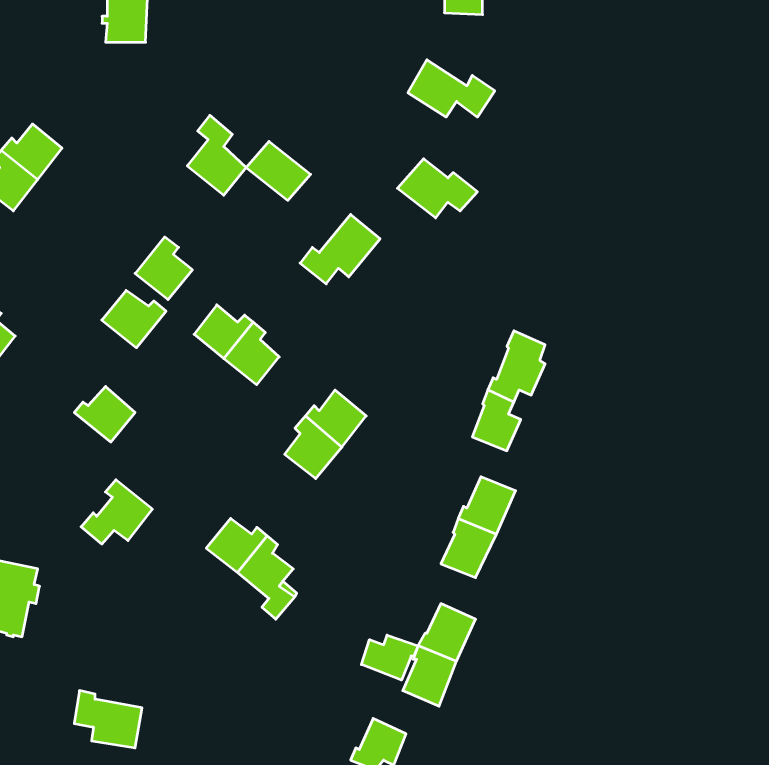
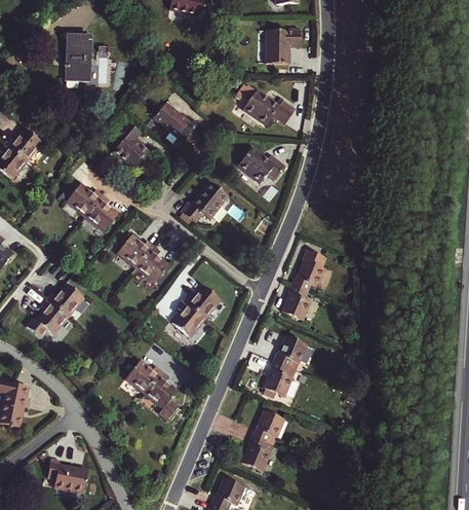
building: [246,141,311,200] -> [155,103,193,138]
building: [102,290,166,348] -> [63,181,101,215]
building: [81,480,152,544] -> [27,297,69,335]
building: [361,635,418,680] -> none

